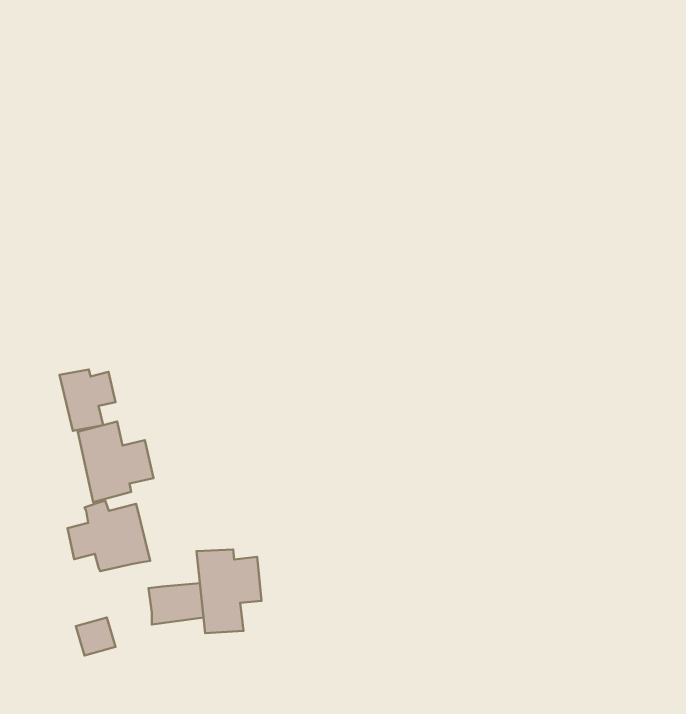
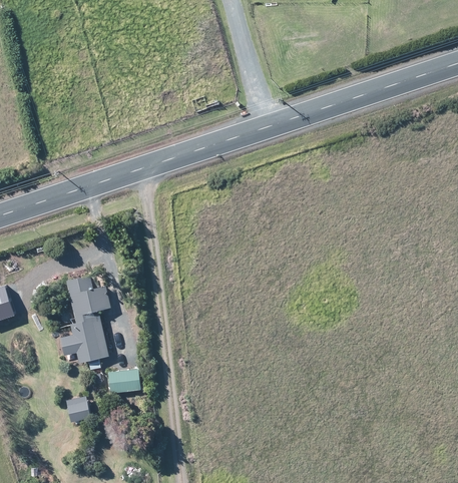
building: [59,370,115,431] -> none
building: [197,549,262,633] -> none

